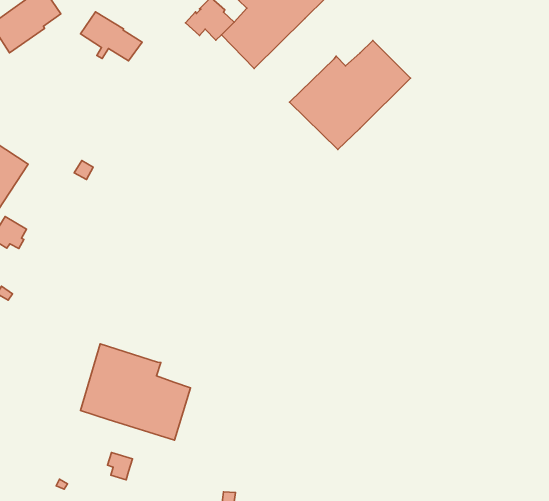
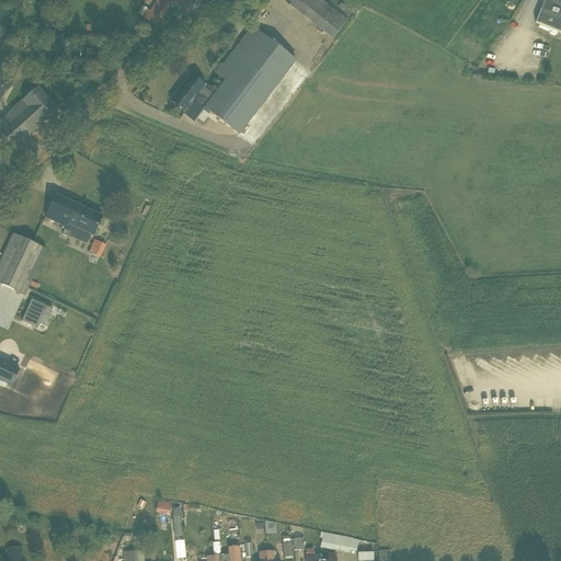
building: [80,12,142,61] -> [45,194,102,236]
building: [290,41,411,150] -> none
building: [80,344,191,440] -> none

